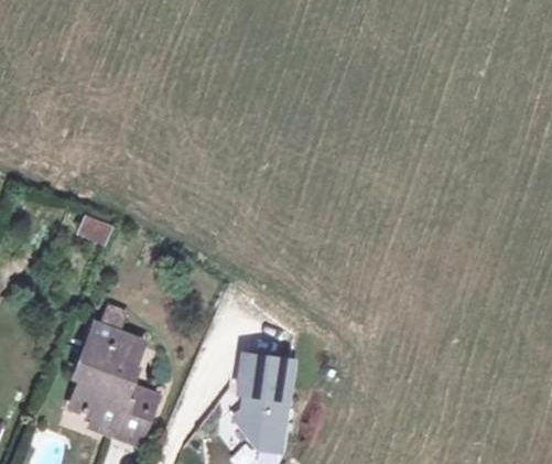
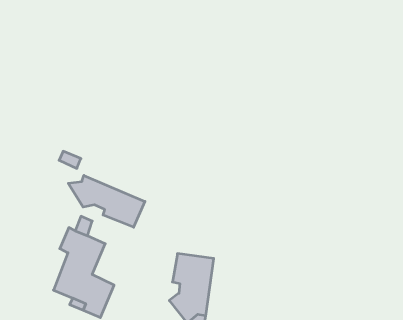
building: none -> [68,175,145,227]

